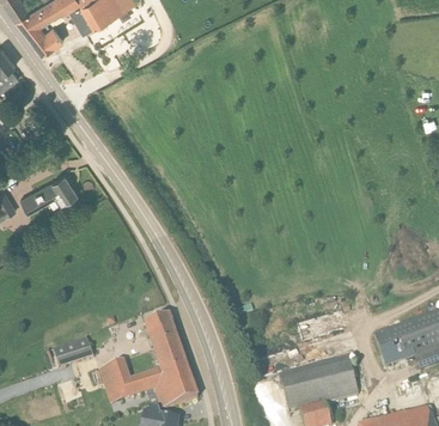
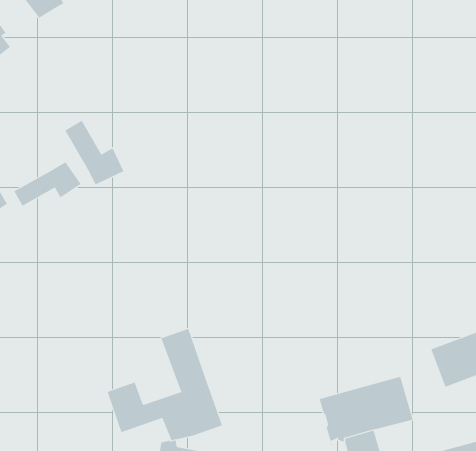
building: none -> [64,120,124,185]
building: [53,334,94,366] -> none

